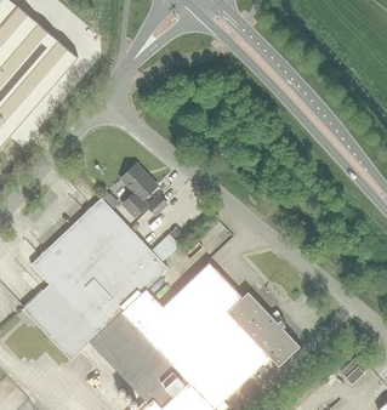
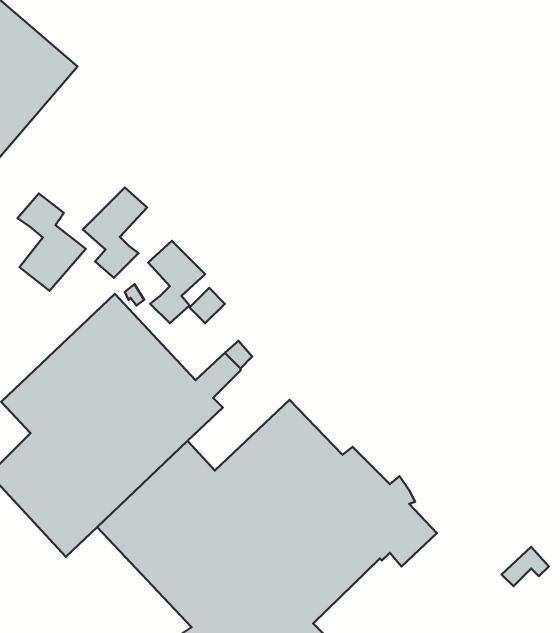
building: none -> [83,188,147,278]
building: none -> [18,194,86,291]

